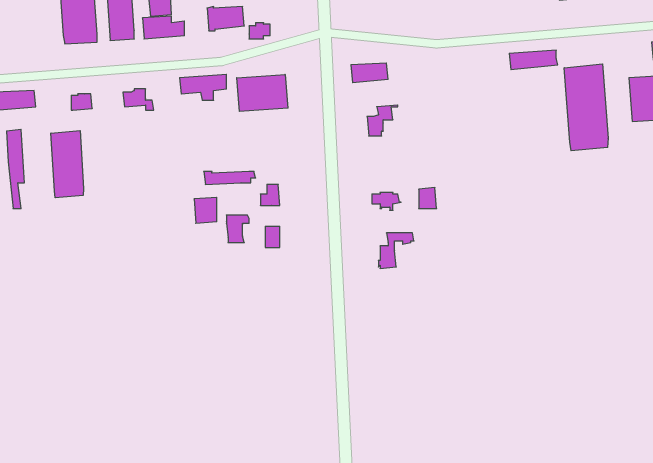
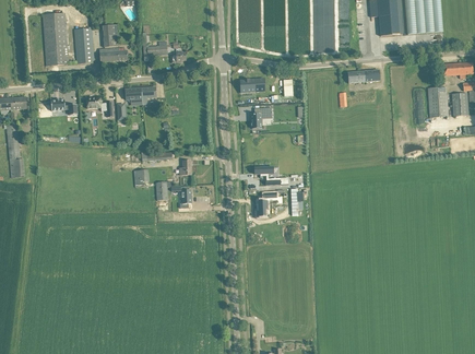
building: [564,64,608,151] -> none
building: [237,74,288,111] -> none
building: [51,131,84,198] -> none

